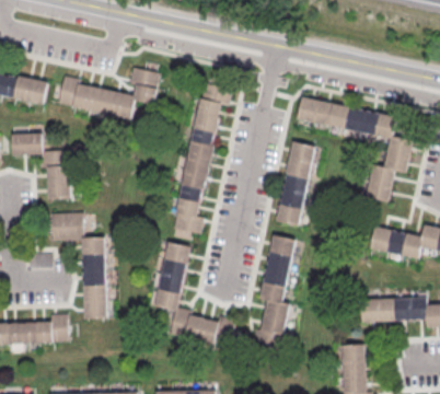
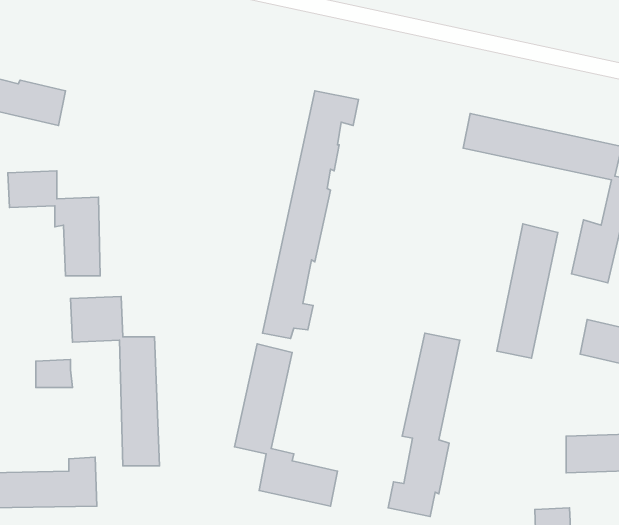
building: [58,68,159,119] -> none
building: [276,141,314,225] -> [497,224,558,358]

